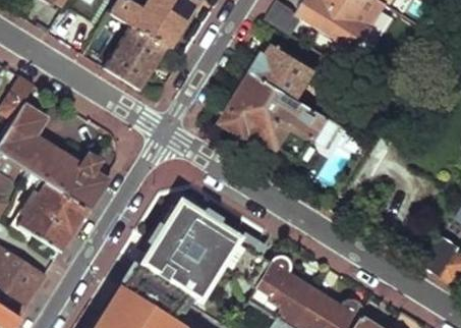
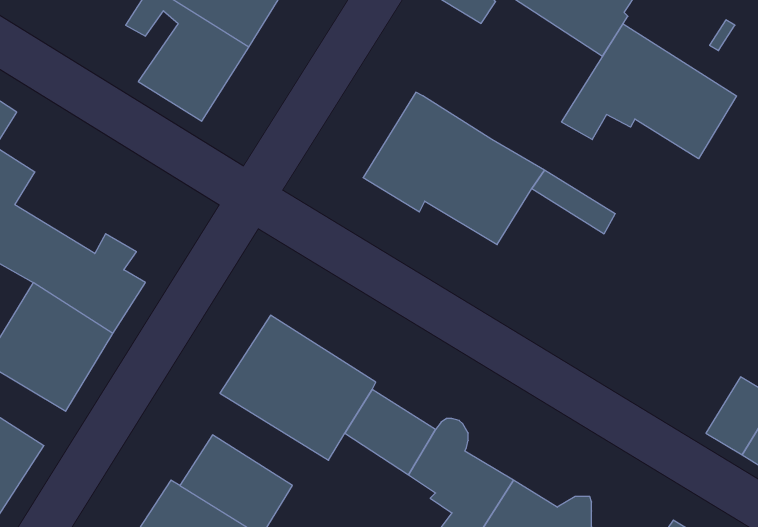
building: none -> [562,24,737,159]
building: [261,52,314,100] -> none
building: [134,242,208,299] -> none

